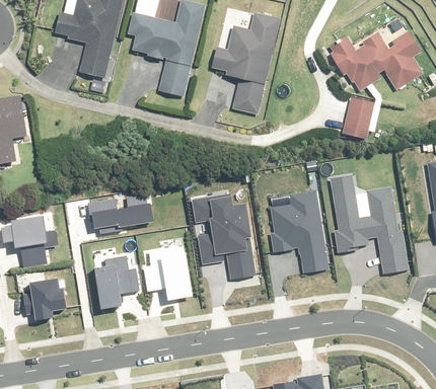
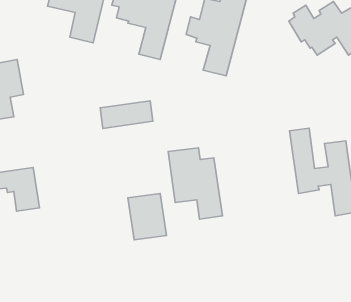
building: [342,96,376,139] -> none
building: [270,191,325,271] -> none
building: [90,196,150,227] -> [100,101,153,128]
building: [90,258,135,307] -> none
building: [16,269,59,321] -> none

